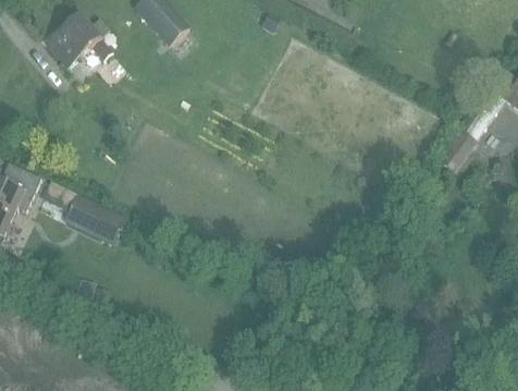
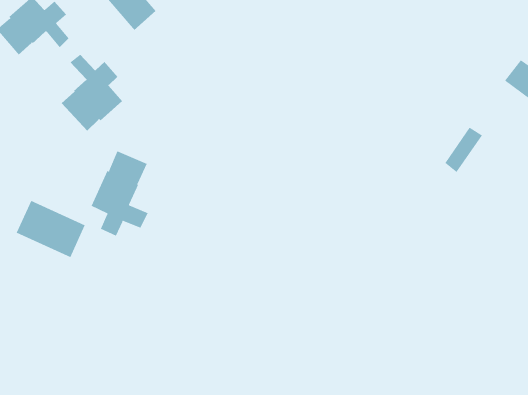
building: none -> [61,54,123,132]
building: none -> [91,151,148,237]

